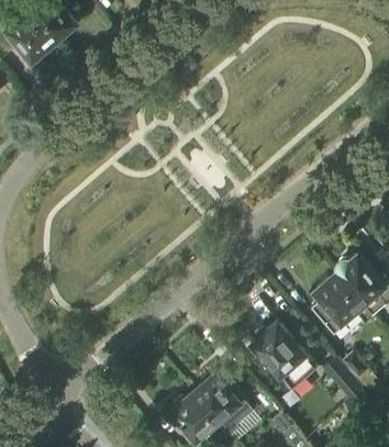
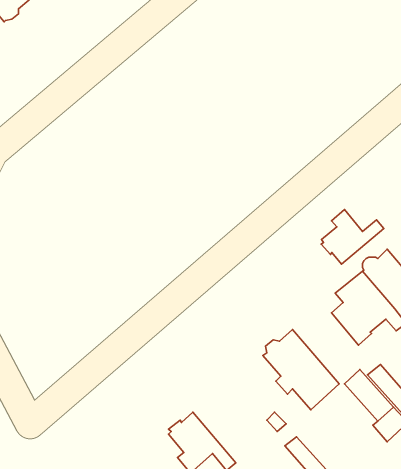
building: none -> [321,210,384,264]
building: [192,375,252,436] -> none

